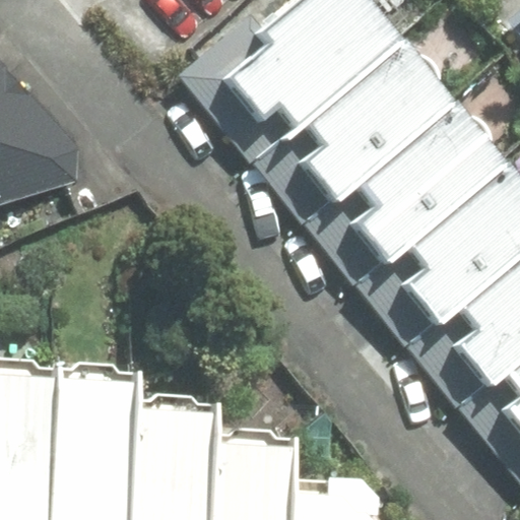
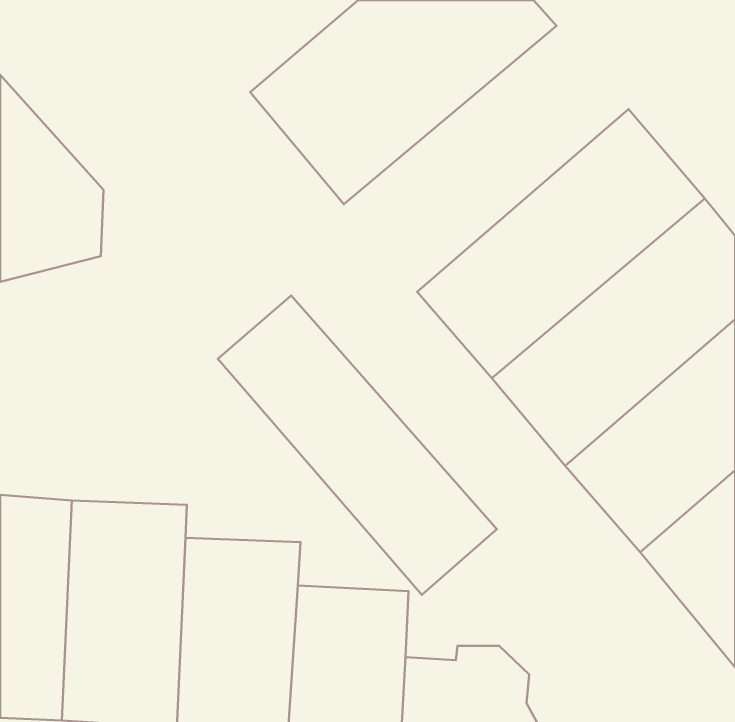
building: [243,27,444,215] -> none
building: none -> [218,296,497,595]

